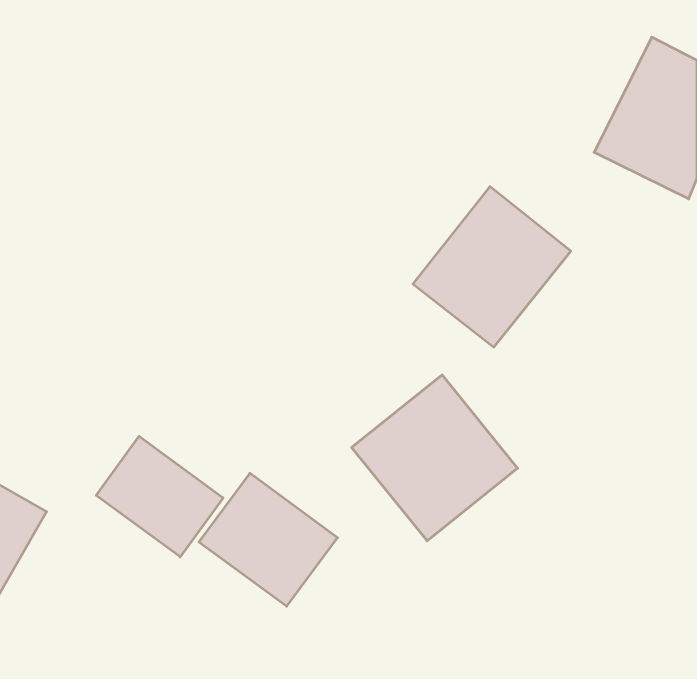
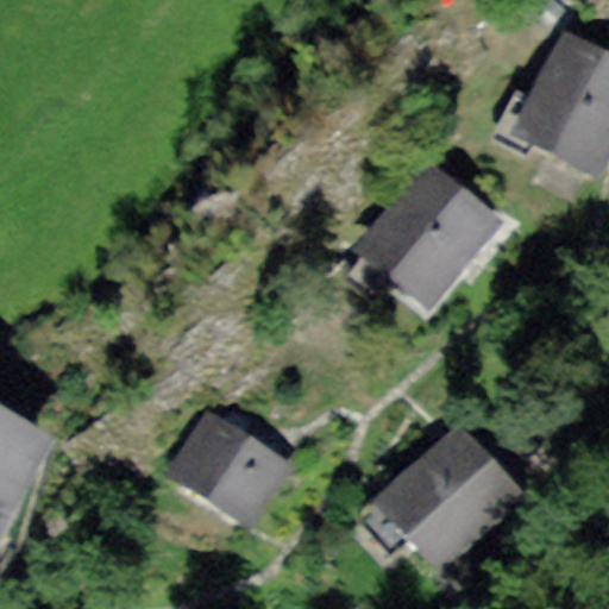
building: [352,375,518,541] -> [382,428,526,572]
building: [96,436,223,557] -> none

